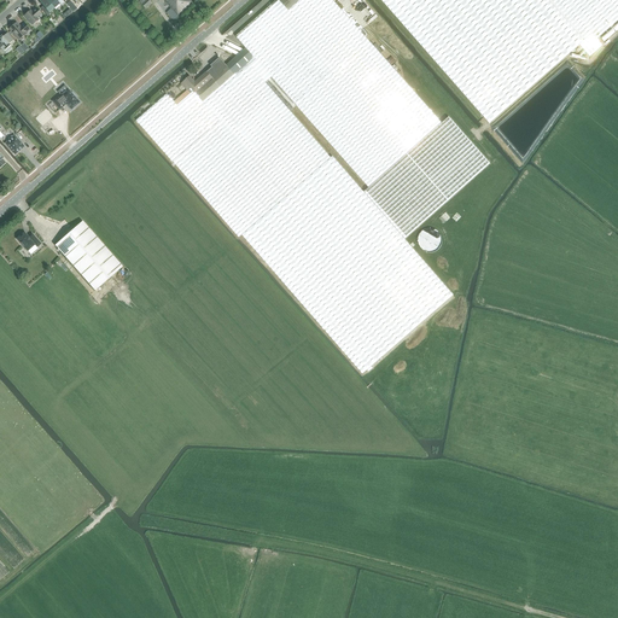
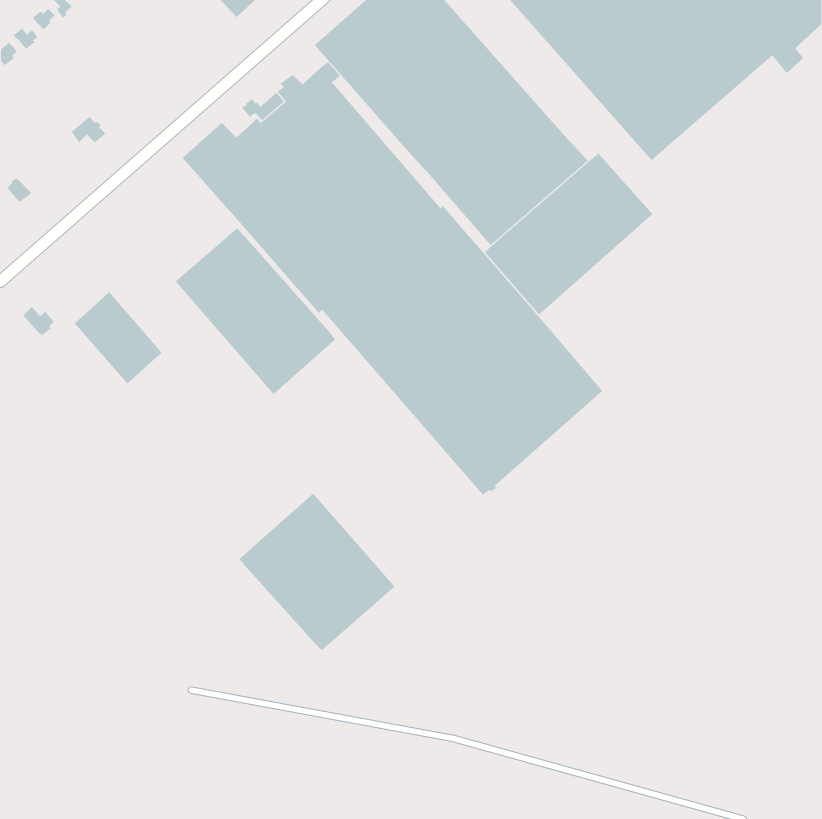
building: none -> [175,227,336,395]
building: none -> [239,493,395,651]

